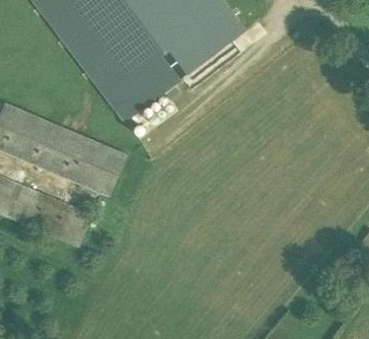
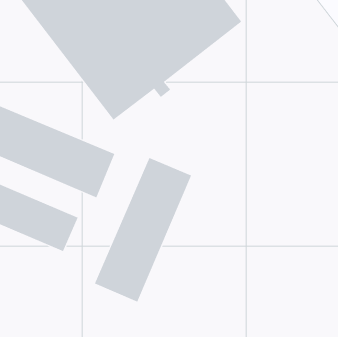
building: none -> [94,157,192,303]

